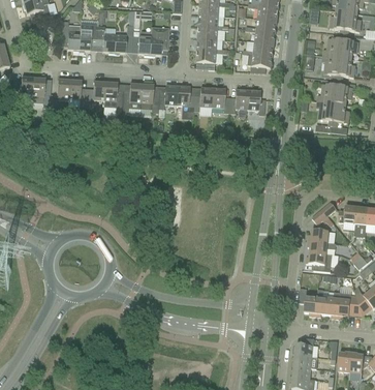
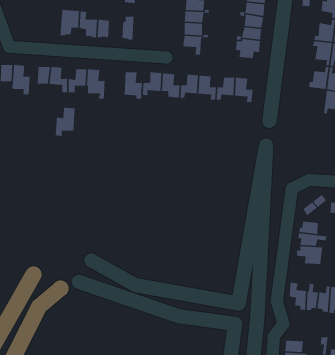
building: [61,20,81,50] -> none
building: [150,25,169,55] -> none
building: [122,83,142,112] -> [55,107,75,137]
building: [316,99,336,131] -> none

